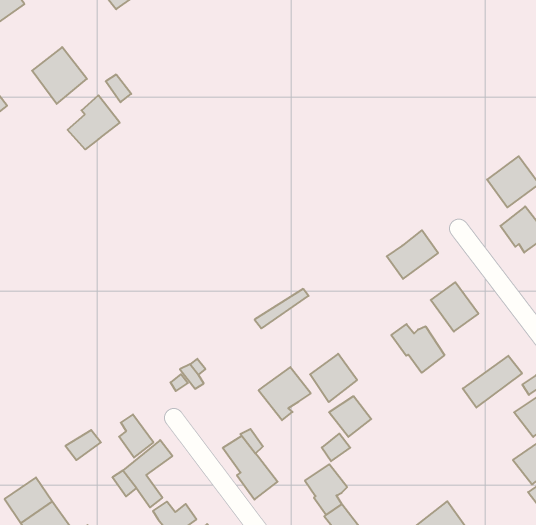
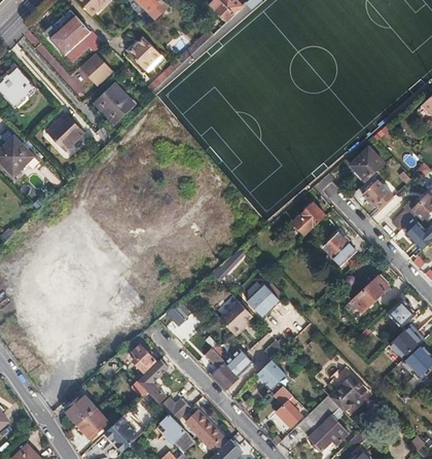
building: none -> [94,82,135,122]
building: [68,95,120,149] -> none
building: [391,324,444,373] -> none
building: [329,396,371,437] -> [224,350,252,377]

